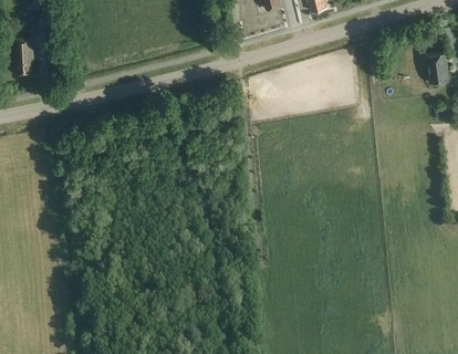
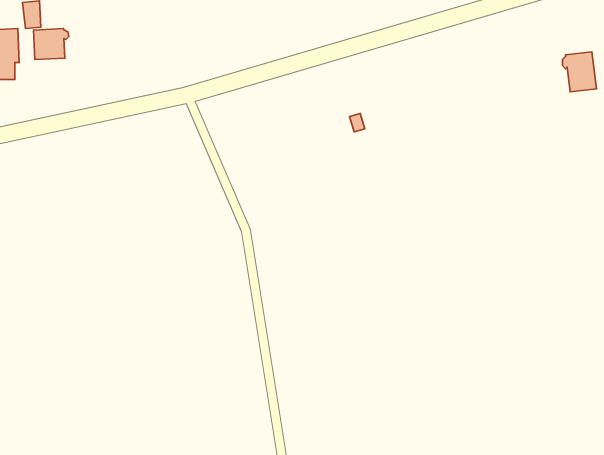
building: none -> [33,29,69,60]

